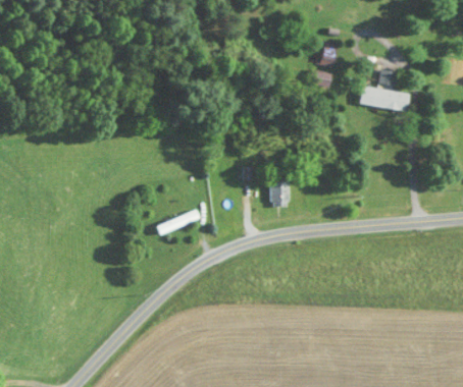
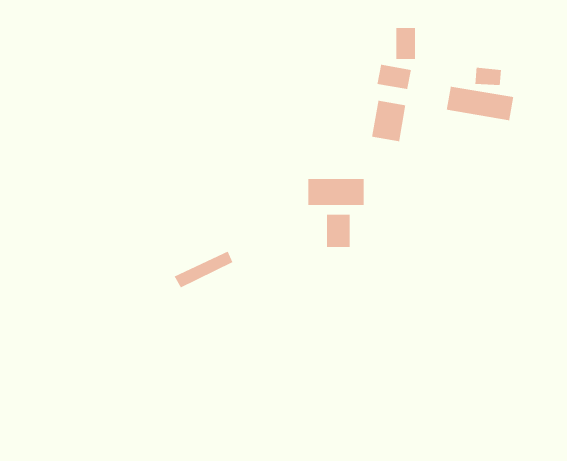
building: none -> [371,100,406,142]
building: none -> [307,178,364,206]

